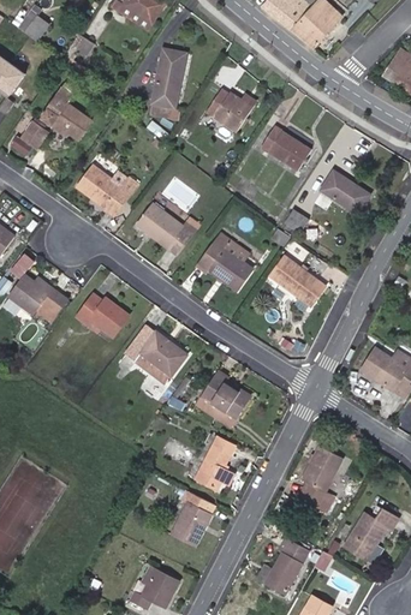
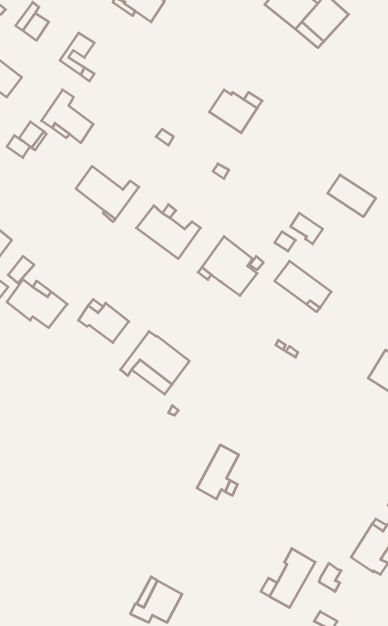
building: [150,48,186,118] -> none
building: [261,125,311,171] -> none
building: [196,370,251,428] -> none
building: [300,446,344,512] -> none
building: [171,490,215,545] -> none

